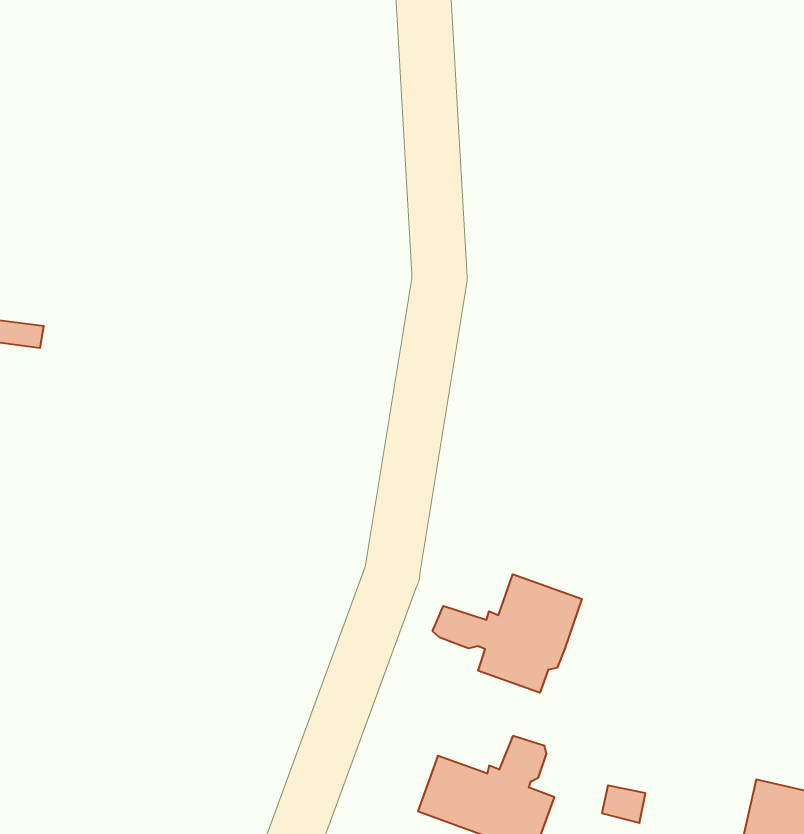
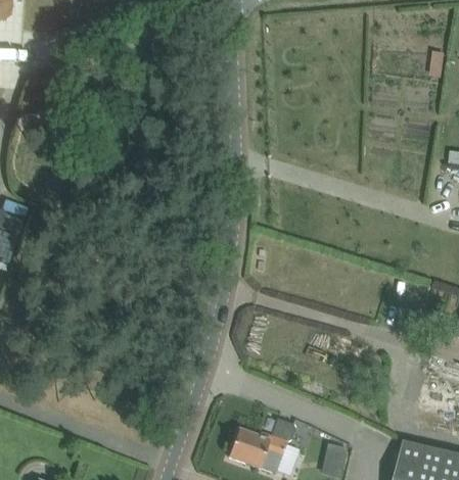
building: [433,574,582,693] -> none

